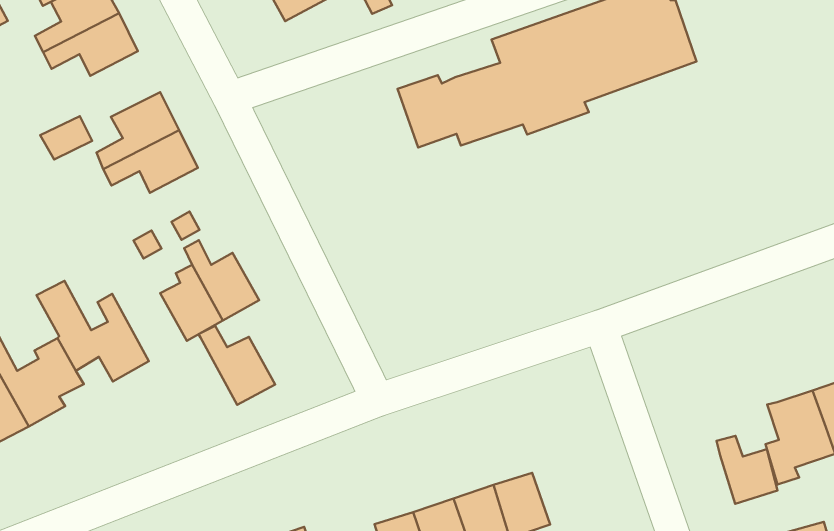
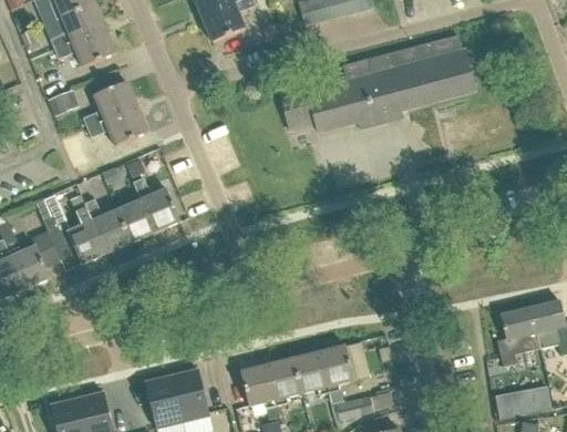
building: [199,326,275,405] -> [84,200,131,253]
building: [717,436,777,504] -> none

